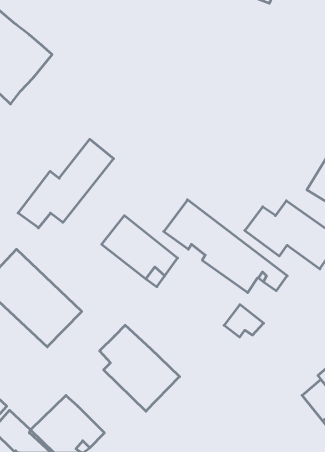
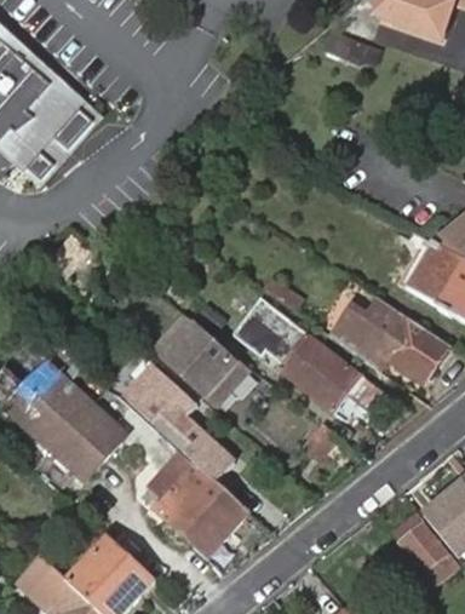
building: [18,139,114,228] -> none
building: none -> [126,366,235,481]

